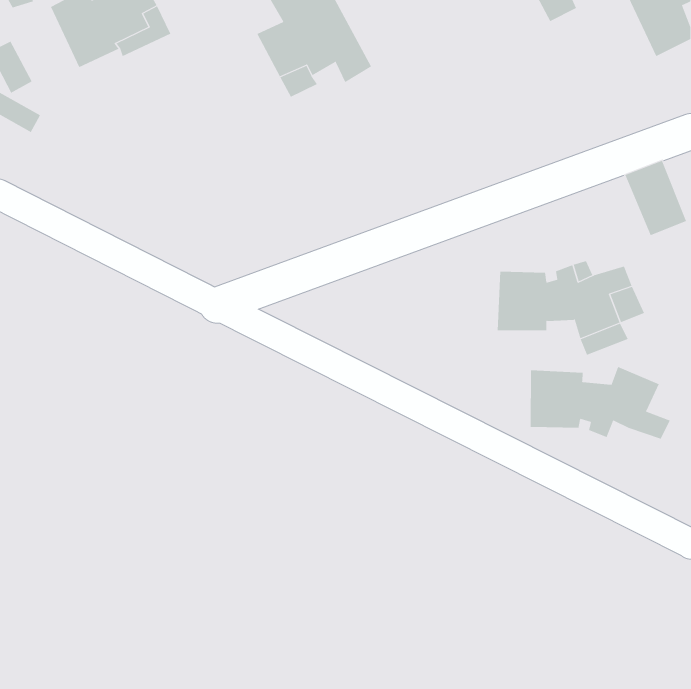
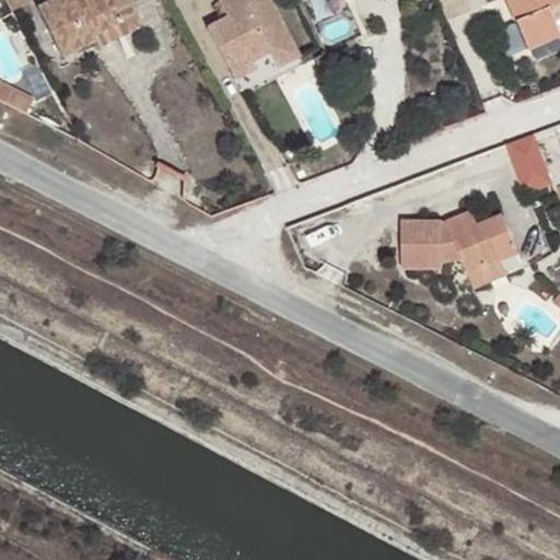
building: [530,366,671,439] -> none

